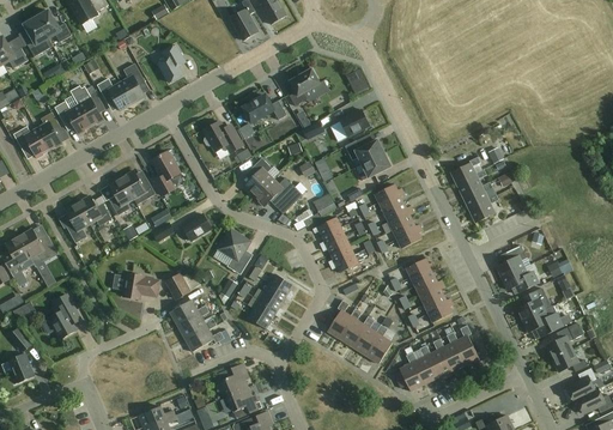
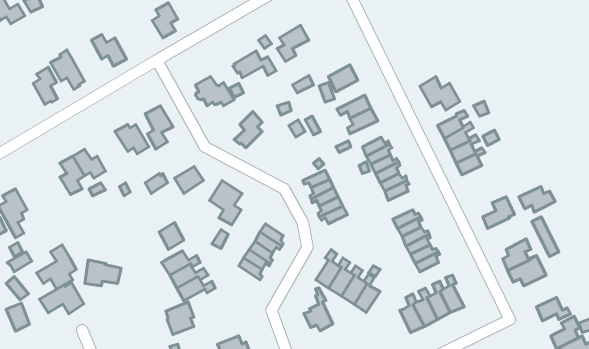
building: [121,63,145,103] -> none
building: [71,84,104,126] -> none
building: none -> [420,77,460,110]
building: [13,126,49,158] -> none
building: [109,177,134,214] -> none
building: [255,177,305,211] -> none
building: [19,228,59,261] -> none
building: [503,266,540,292] -> [519,186,555,212]
building: [123,272,160,298] -> [85,260,121,286]
building: [547,322,584,357] -> none
building: none -> [39,282,84,314]
building: [394,346,424,390] -> [304,288,333,331]
building: [219,362,248,395] -> [166,302,194,335]

